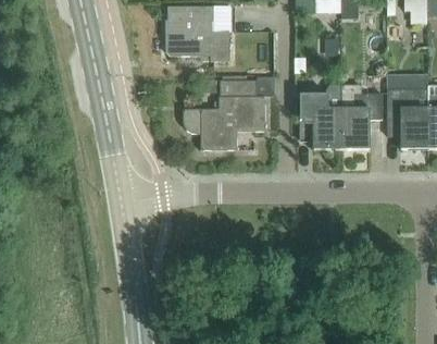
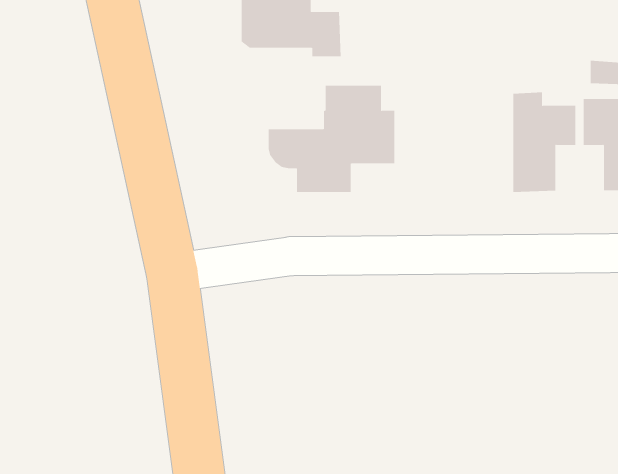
building: [300,85,341,149] -> none

